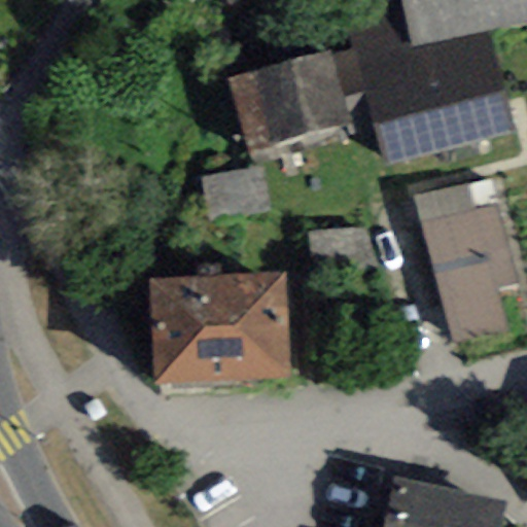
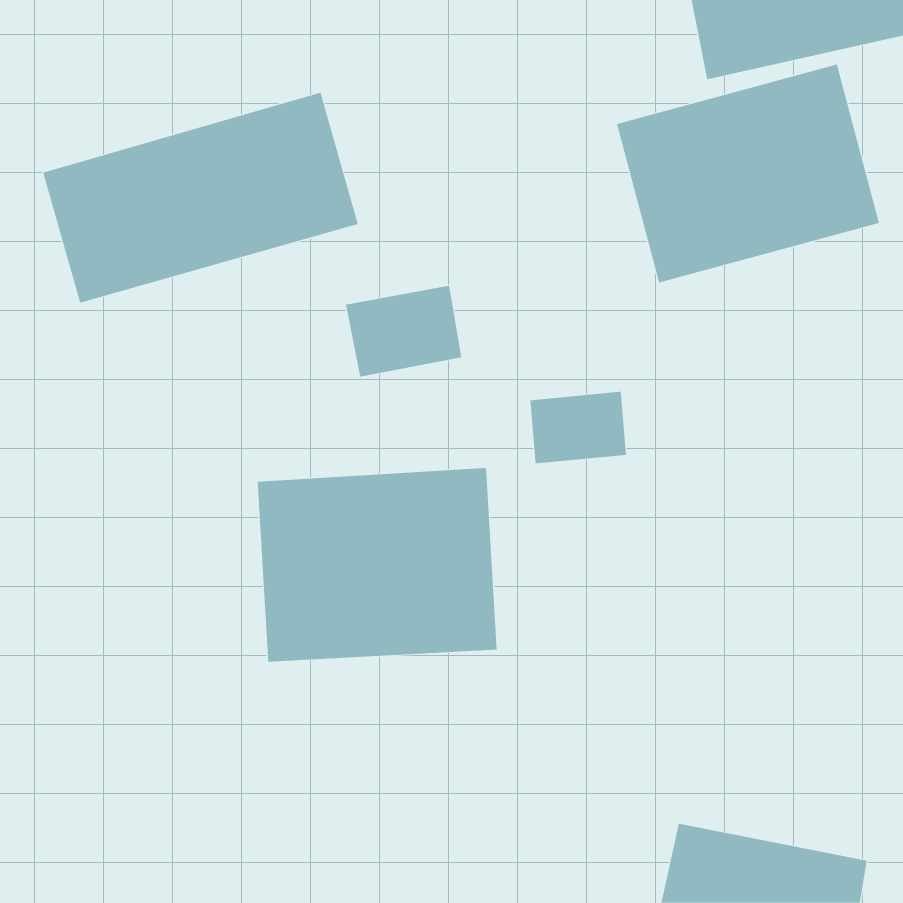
building: [227,47,349,150] -> none
building: none -> [42,92,359,303]
building: [414,180,519,343] -> none

